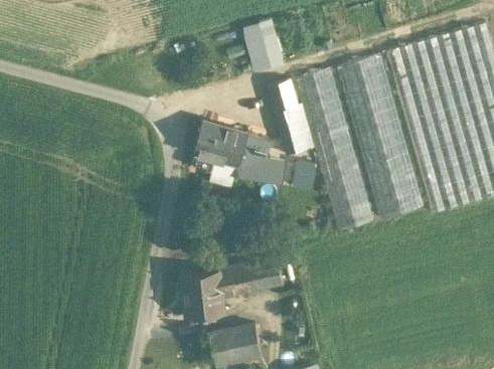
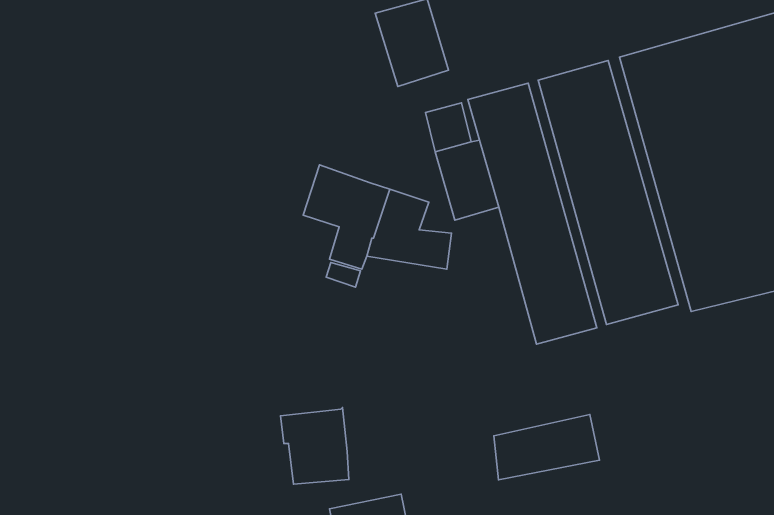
building: [283,163,316,193] -> none
building: [218,258,284,299] -> [494,415,600,480]

